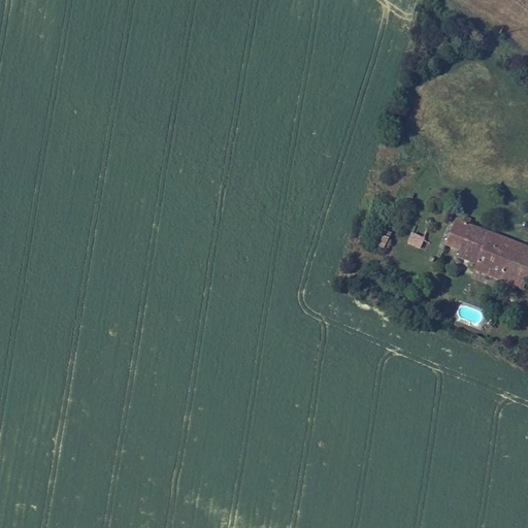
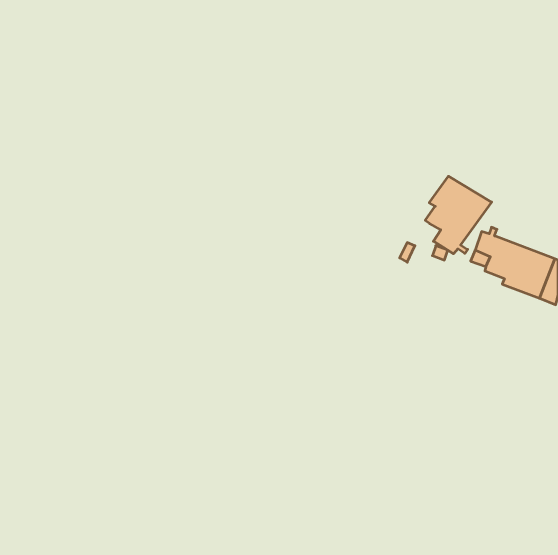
building: none -> [425,176,492,254]

